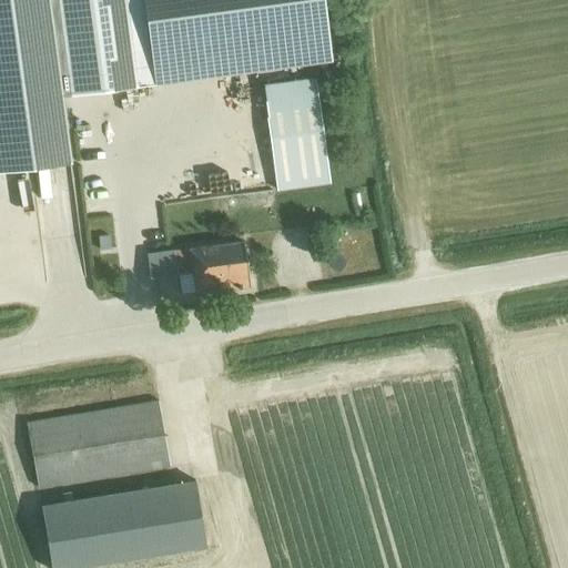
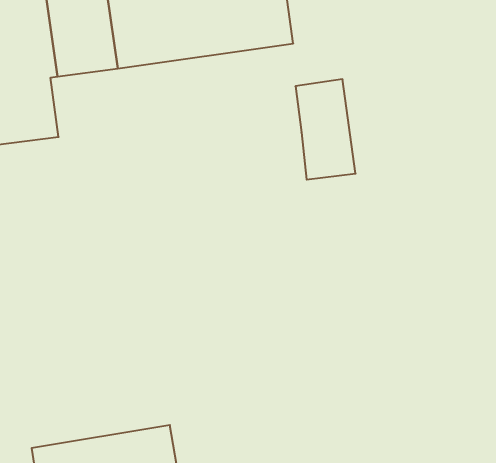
building: [263,79,329,190] -> [295,79,356,180]
building: [148,243,250,293] -> none
building: [27,402,170,488] -> none

